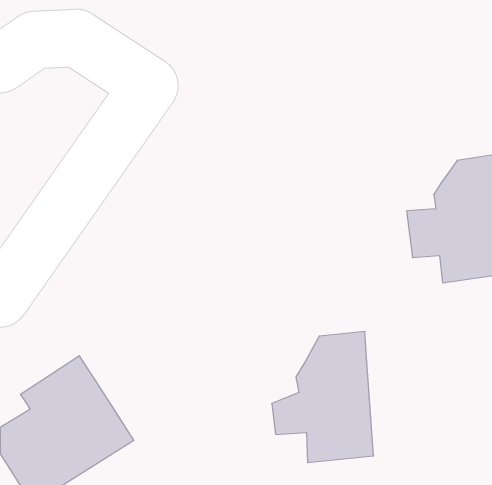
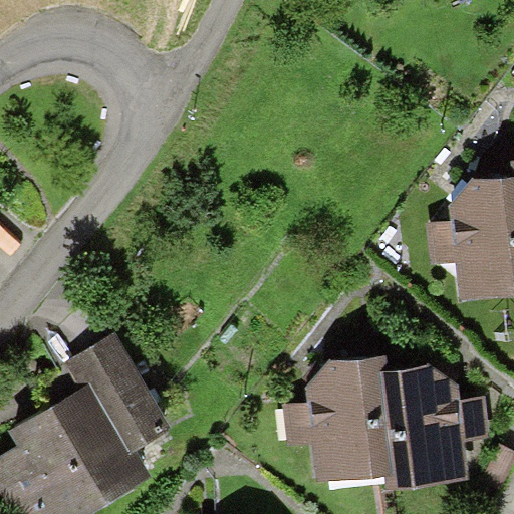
building: none -> [69,325,158,425]
building: none -> [382,366,484,495]

